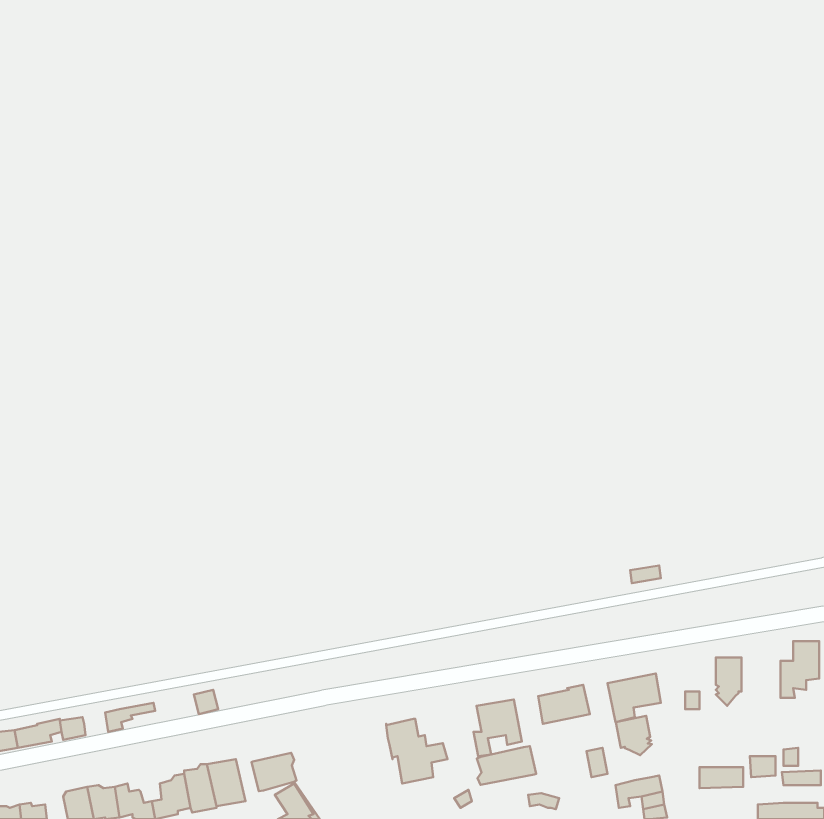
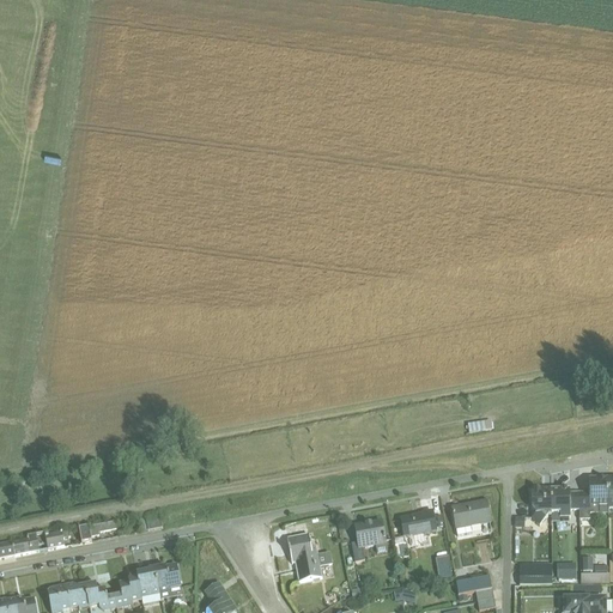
building: none -> [550,485,578,517]
building: [616,716,652,755] -> none
building: [477,746,536,785] -> none
building: [252,753,297,791] -> none

